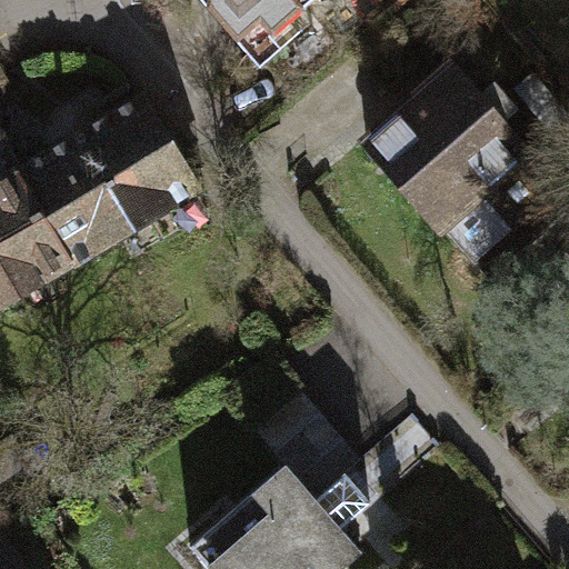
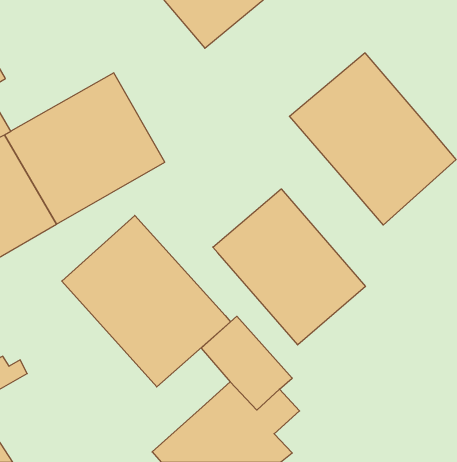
building: none -> [213,189,365,345]
building: none -> [62,215,231,387]

